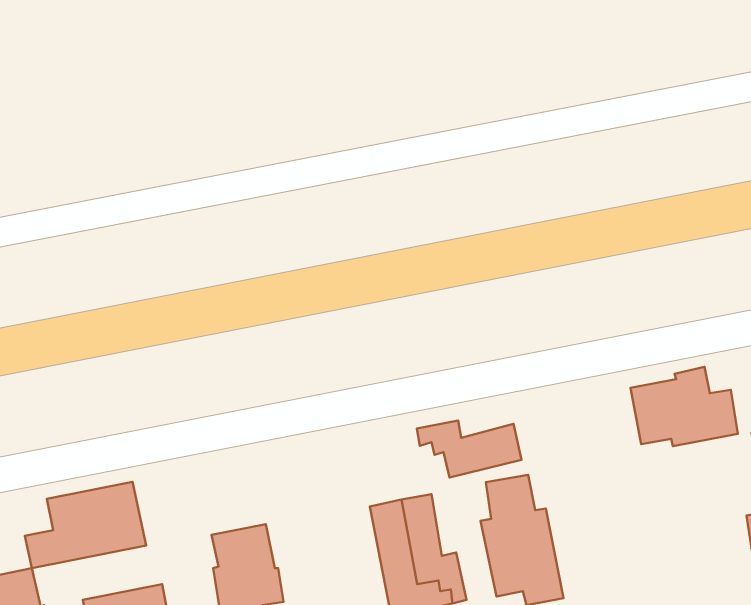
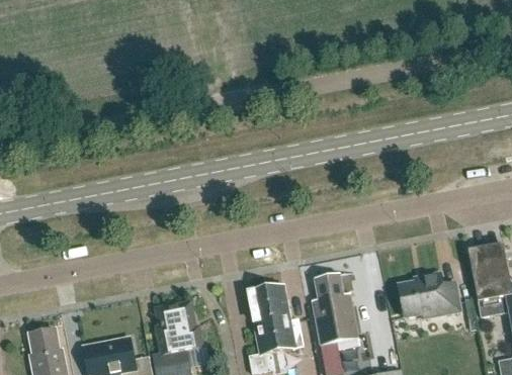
building: [631,367,738,446] -> [399,273,460,318]
building: [417,420,522,478] -> none
building: [25,482,146,568] -> none

